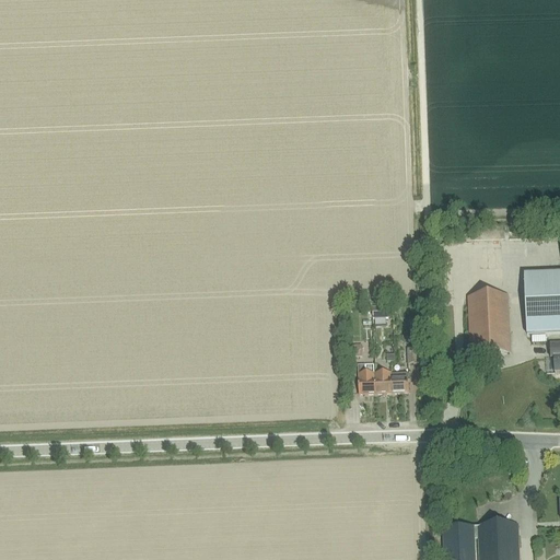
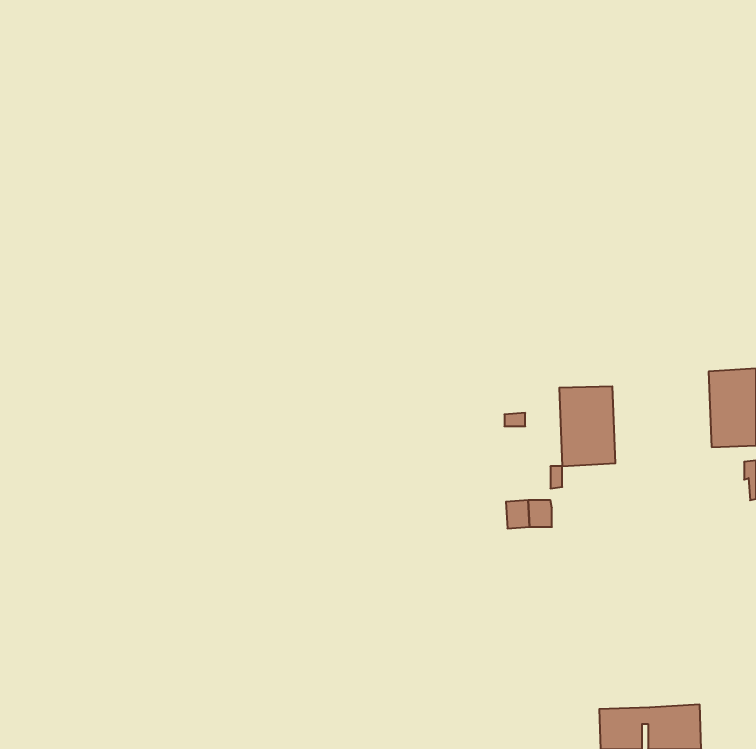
building: [468,292,510,351] -> [559,386,615,466]
building: [358,361,375,392] -> none

